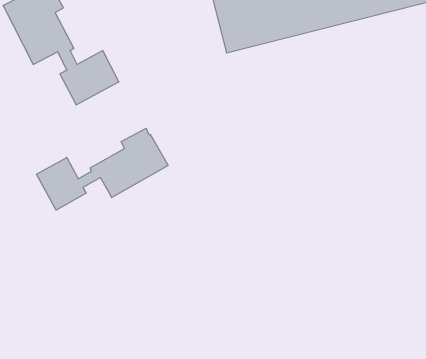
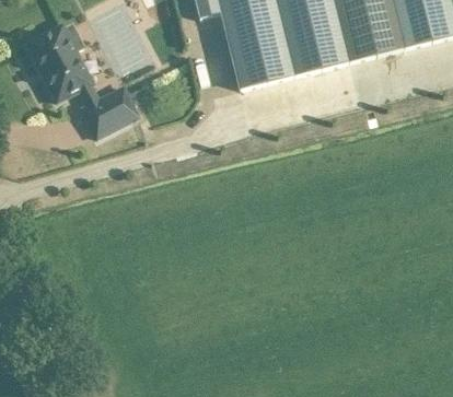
building: [37,128,168,210] -> none

